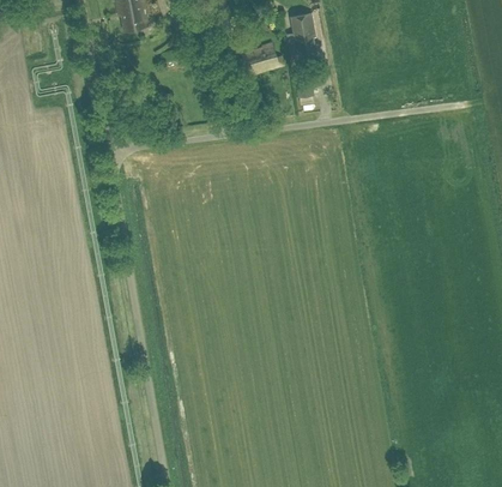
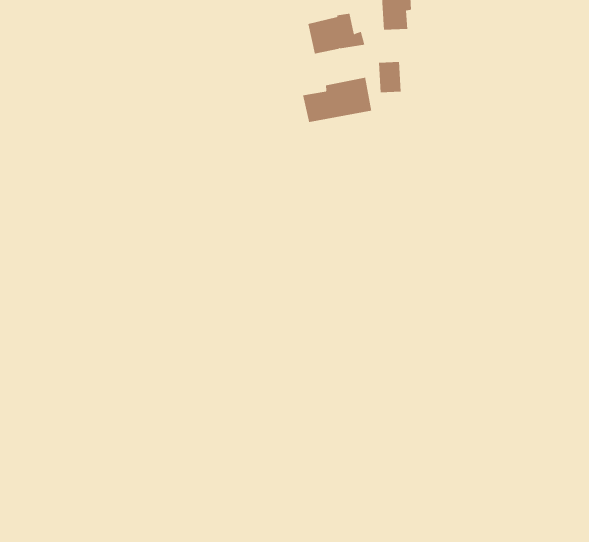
building: none -> [303,77,372,123]

